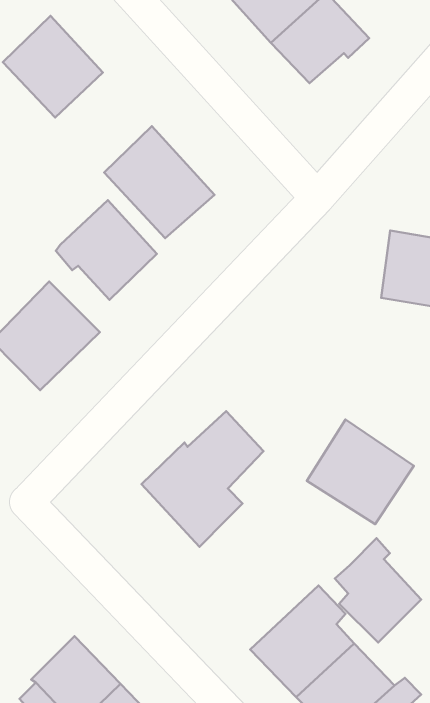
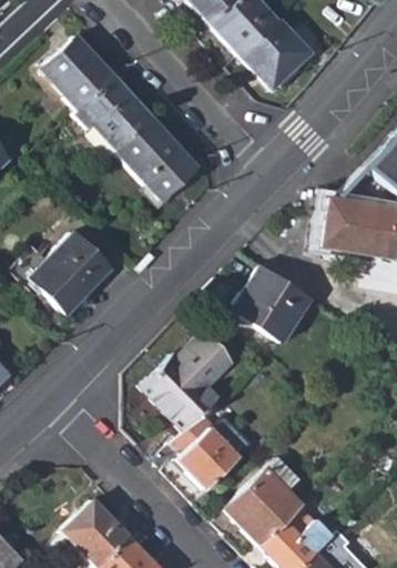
building: [56,200,157,300] -> [77,80,152,154]
building: [307,420,414,524] -> [233,266,313,344]
building: [335,538,421,643] -> [176,413,241,490]

